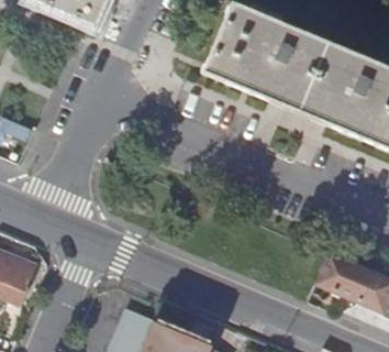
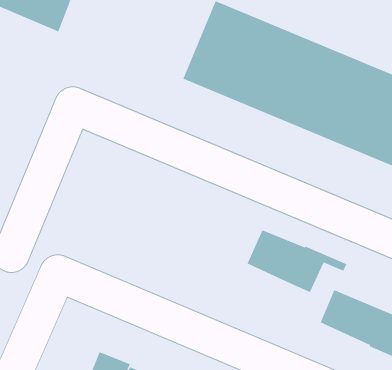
building: none -> [247,230,347,293]

